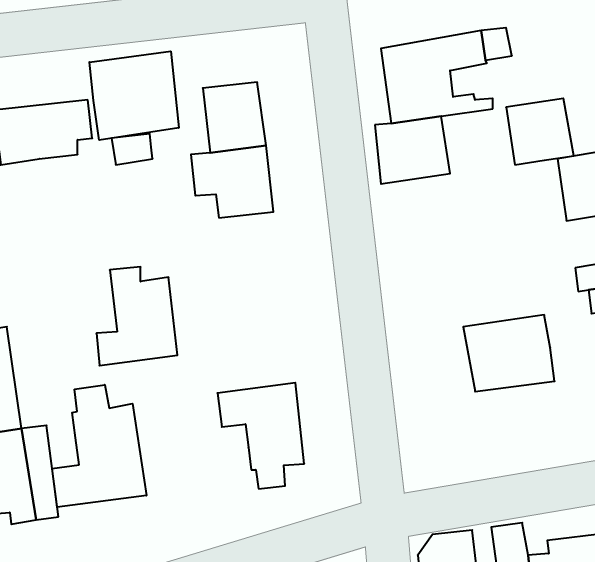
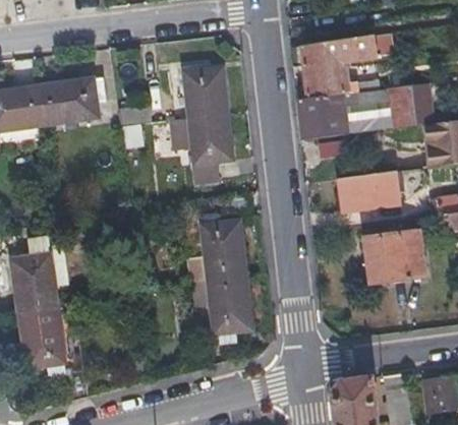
building: [89,51,179,140] -> none
building: none -> [347,86,398,132]
building: none -> [341,169,403,209]
building: [96,267,177,366] -> [190,216,246,284]
building: [52,385,146,507] -> none

